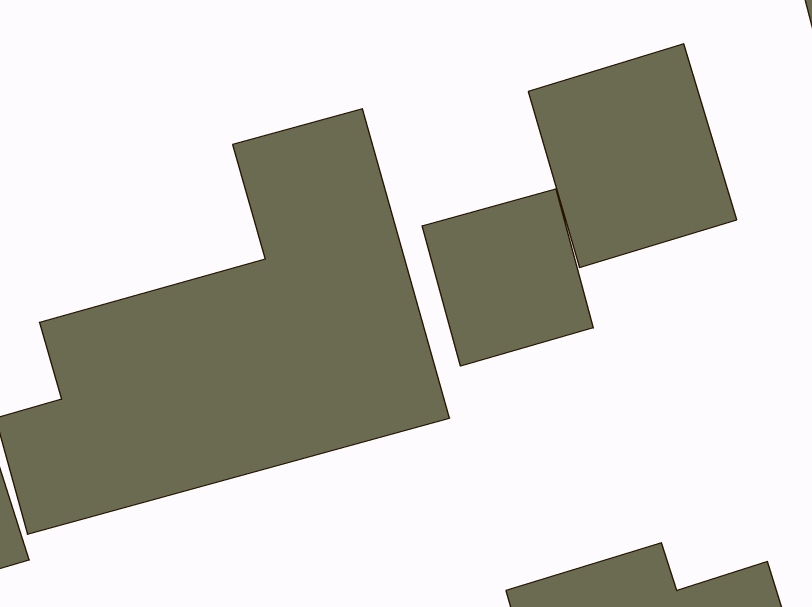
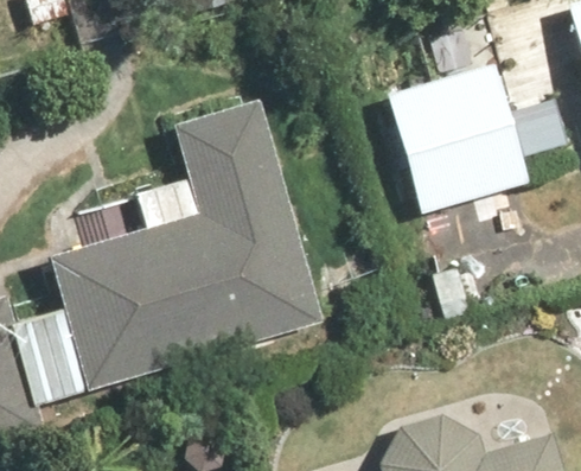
building: [422,189,593,366] -> none

